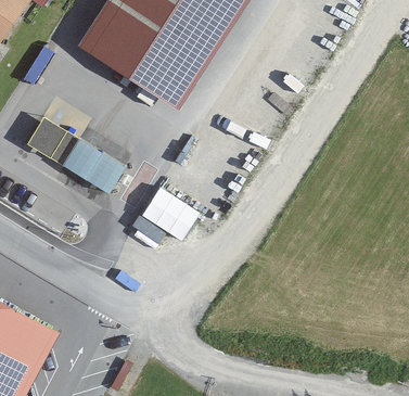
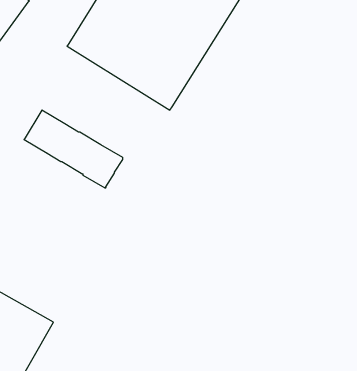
building: [137,188,201,241] -> none

